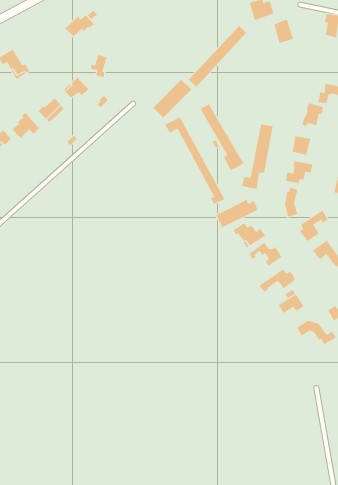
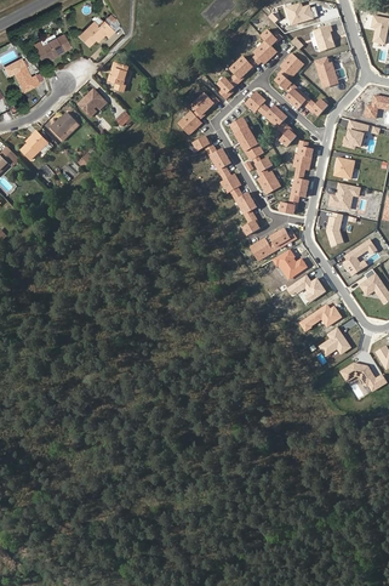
building: none -> [30,32,68,63]
building: none -> [273,53,328,116]
building: none -> [314,55,339,89]
building: none -> [246,91,298,147]

